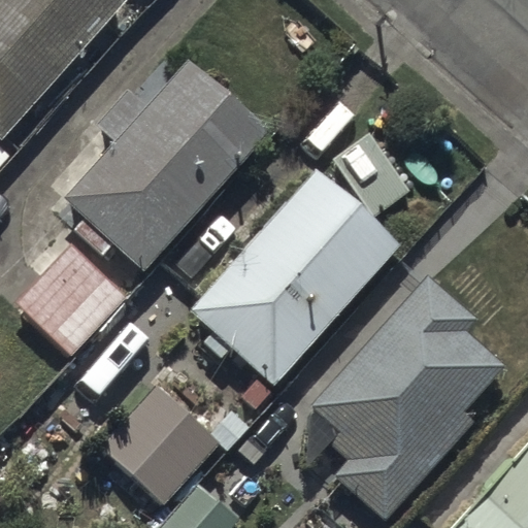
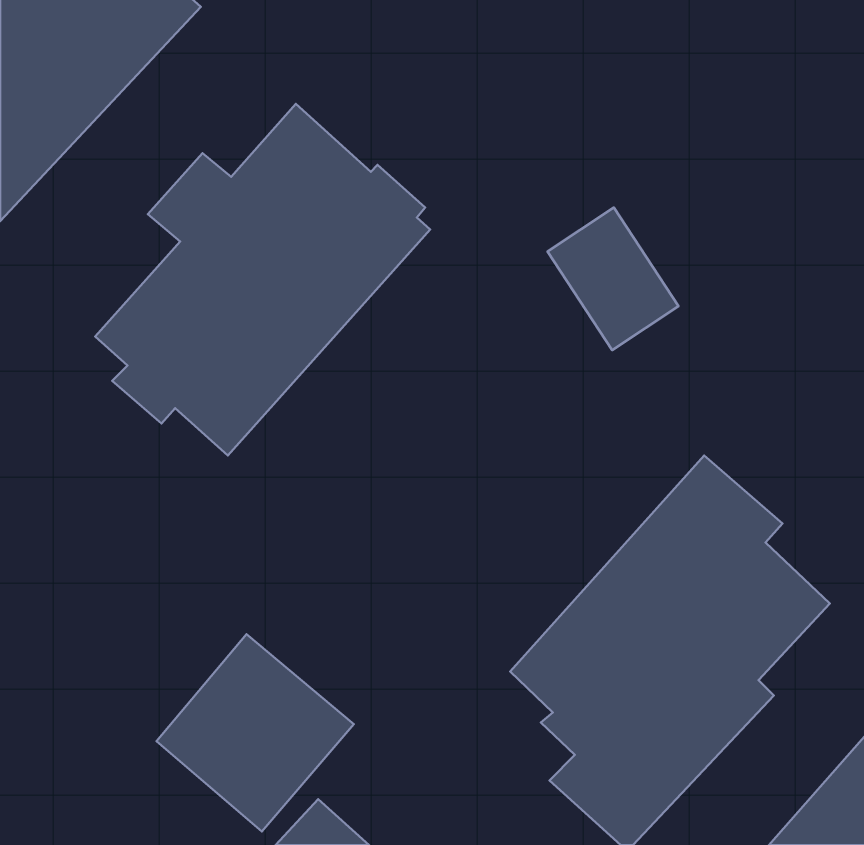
building: [193,169,400,386] -> none
building: [13,248,124,358] -> none

